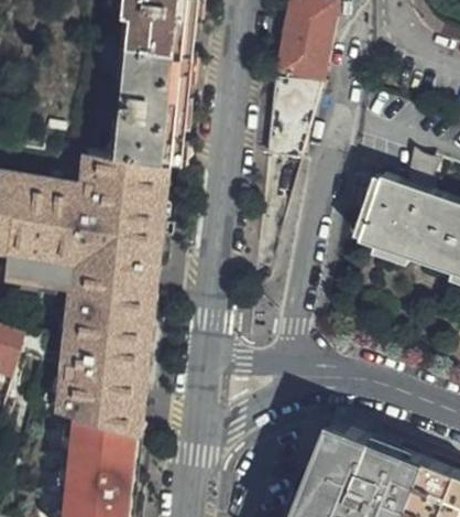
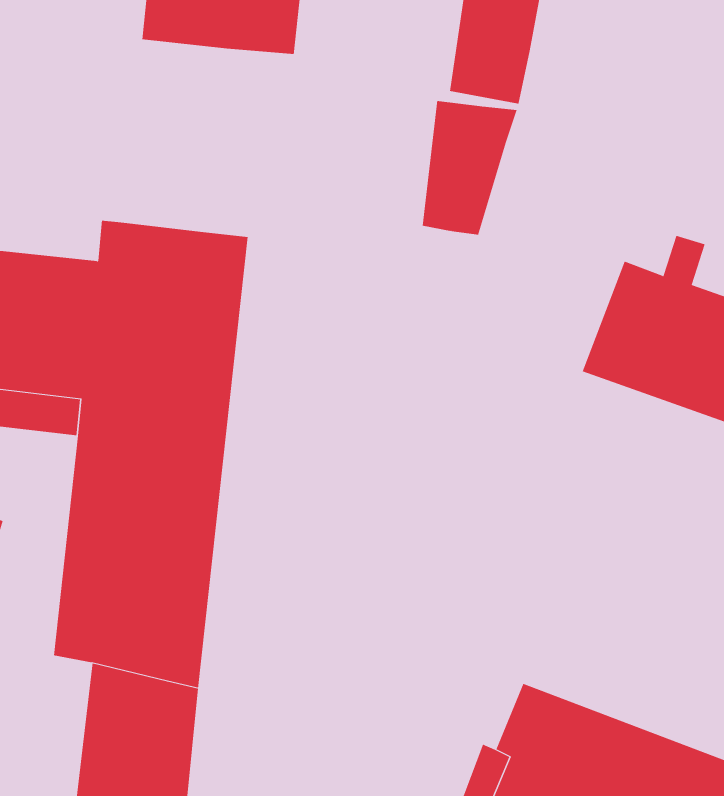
building: [89,46,193,165] -> none

